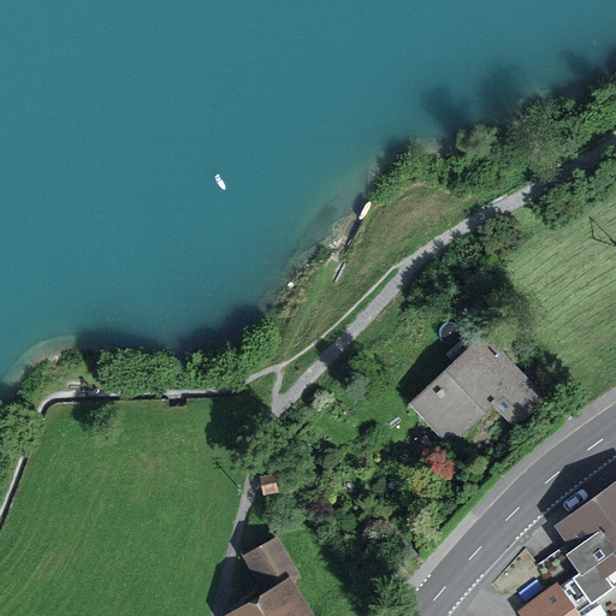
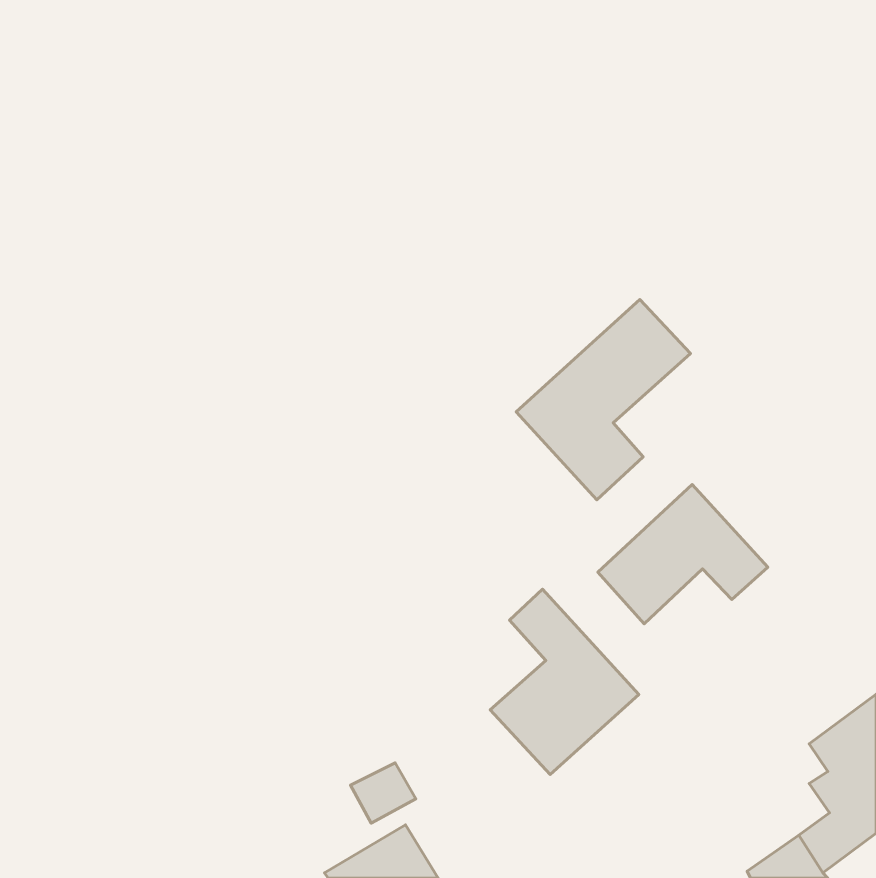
building: none -> [516,299,691,500]
building: none -> [490,589,639,775]

